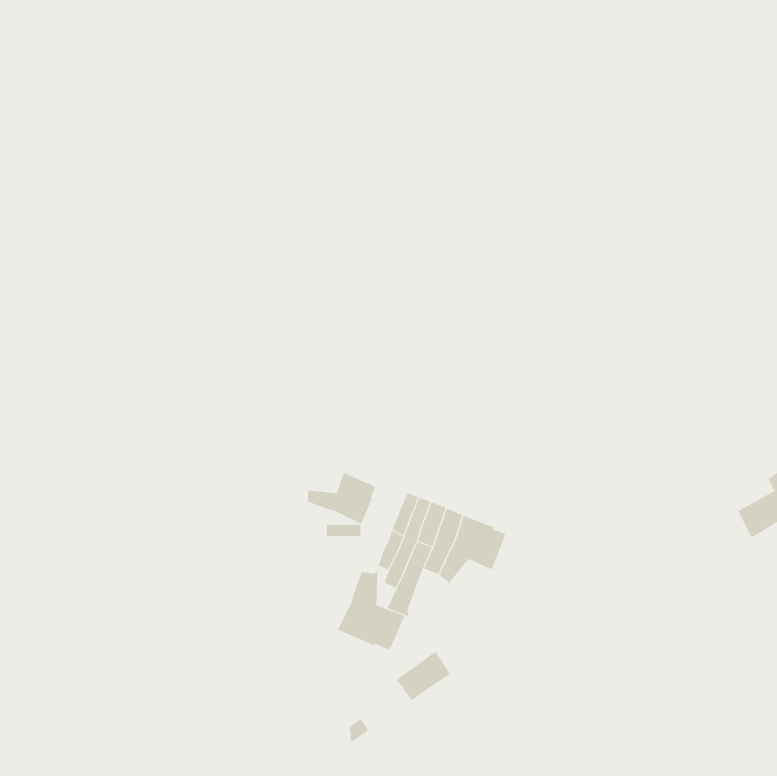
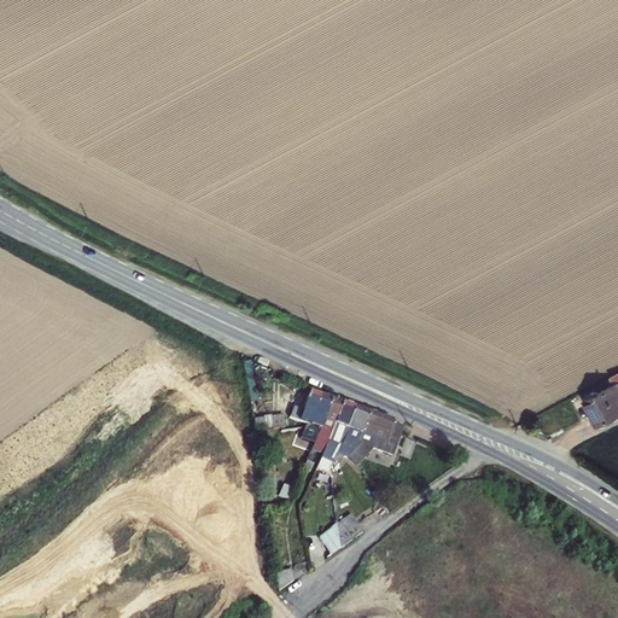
building: [306,472,376,524] -> none
building: [337,571,405,651] -> none

